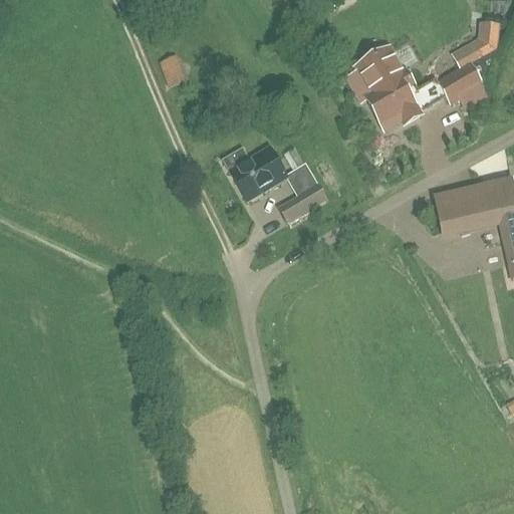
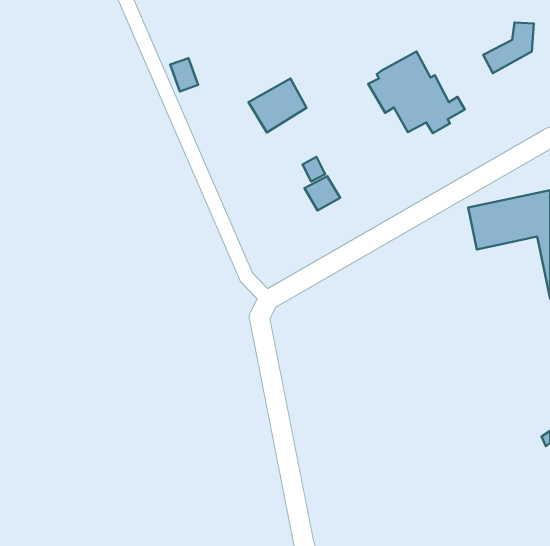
building: [439,65,480,102] -> none
building: [230,149,284,199] -> [248,79,307,132]
building: [278,185,325,222] -> none

